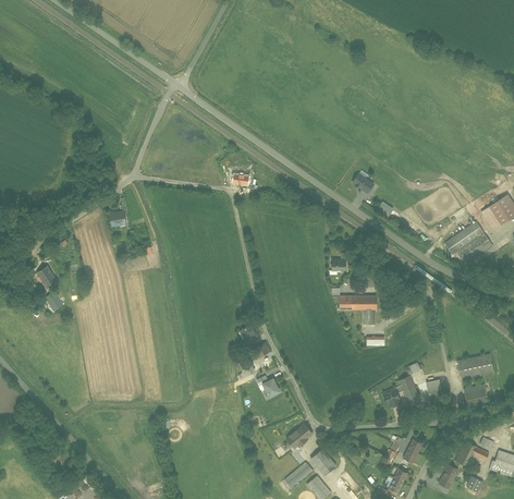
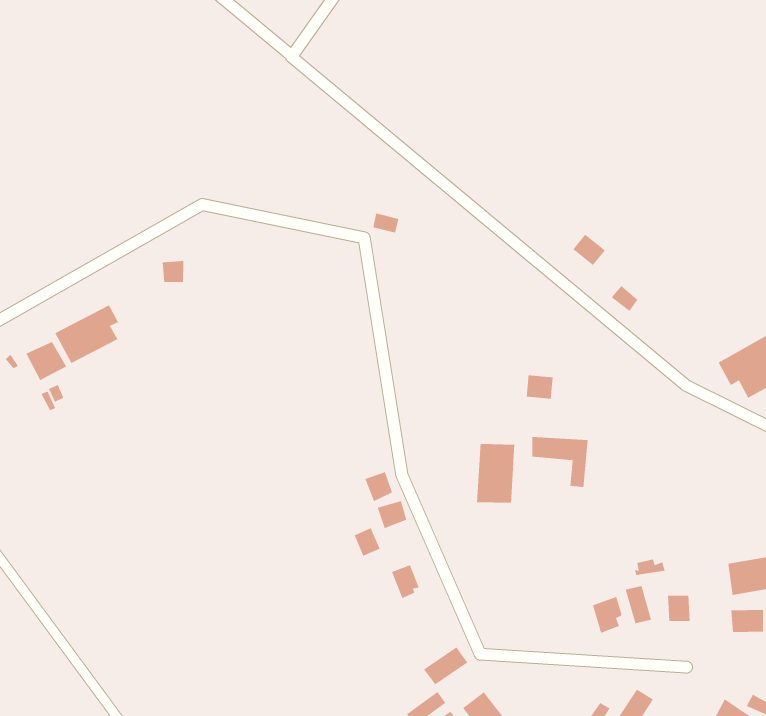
building: none -> [54,305,119,364]
building: none -> [477,443,515,504]

